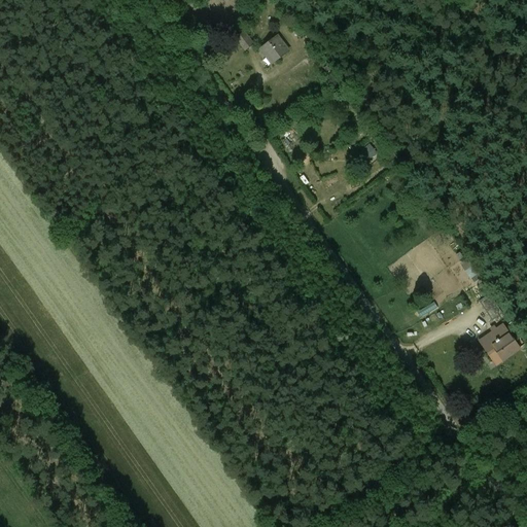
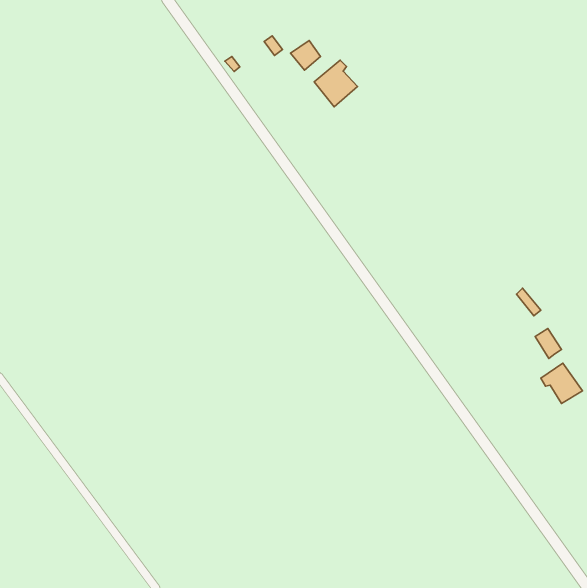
building: none -> [314,60,357,107]

